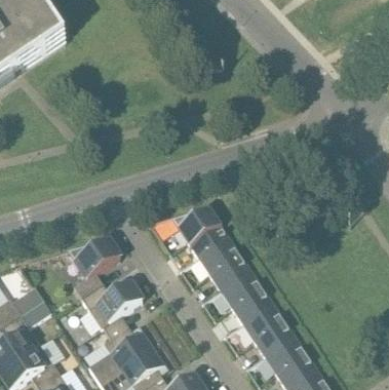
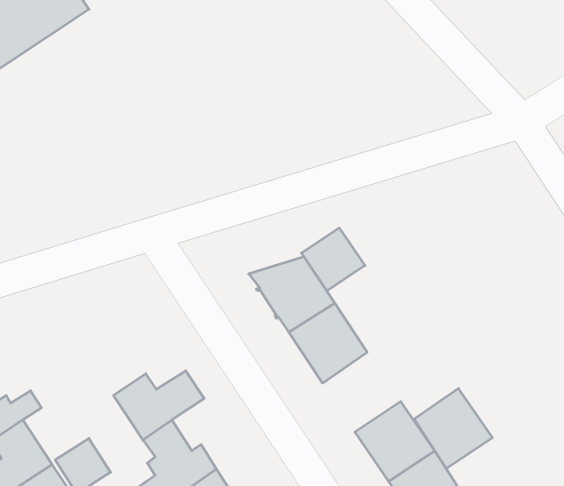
building: none -> [301,228,365,291]
building: [67,237,120,299] -> none
building: [221,270,273,323] -> [414,388,492,468]

